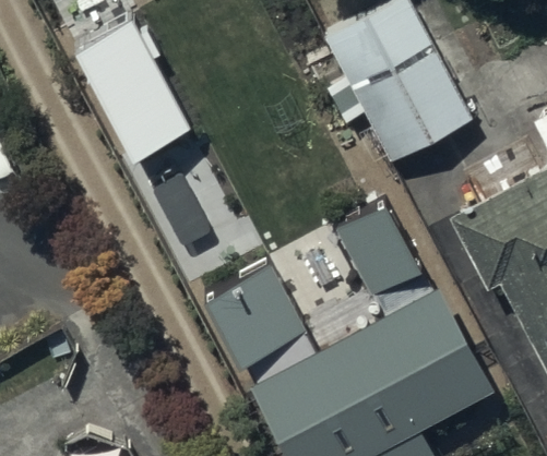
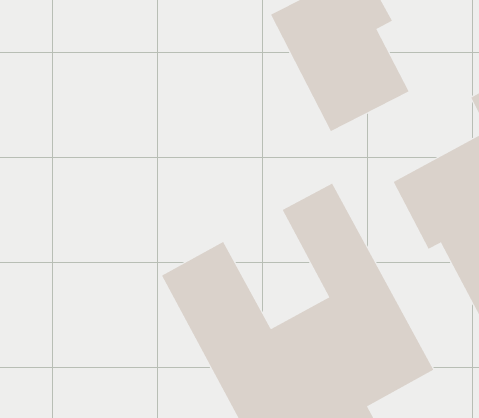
building: [74,26,194,171] -> none

